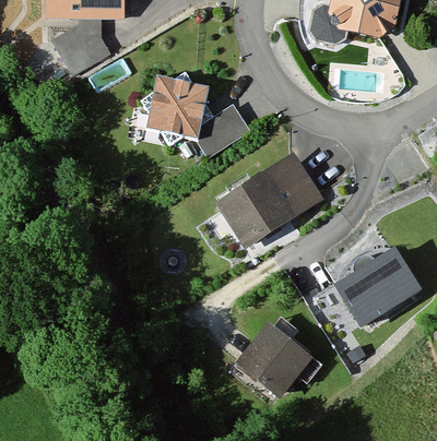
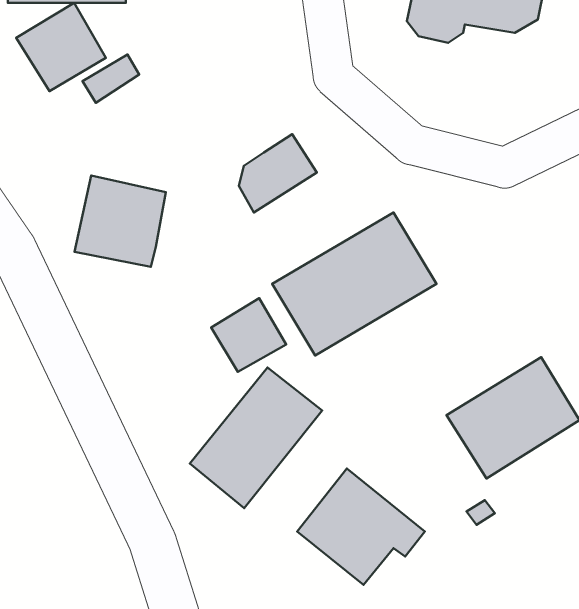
building: [145,76,205,136] -> [74,175,166,267]
building: none -> [211,298,286,372]
building: none -> [190,367,322,508]

